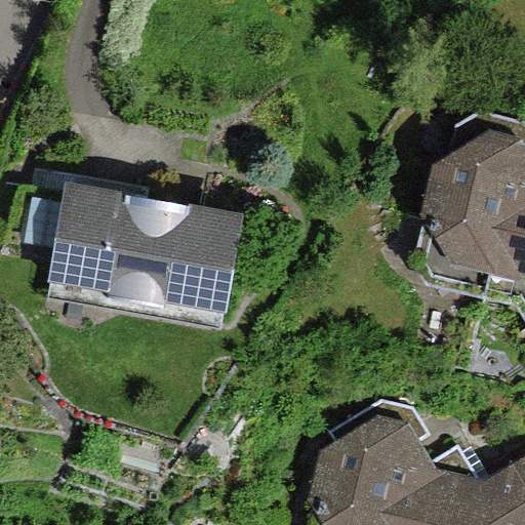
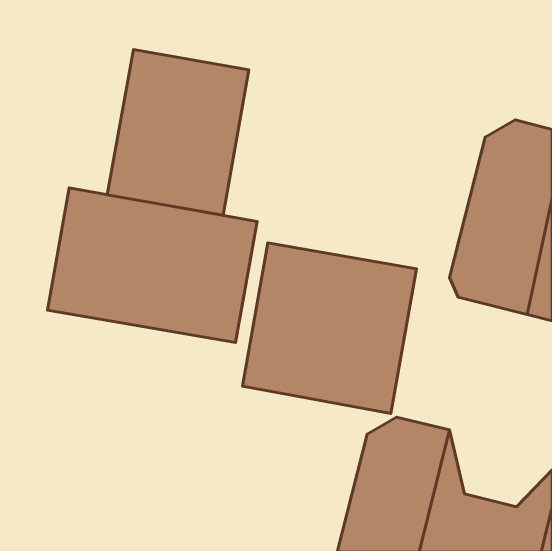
building: none -> [107,50,249,215]
building: none -> [243,243,416,414]

